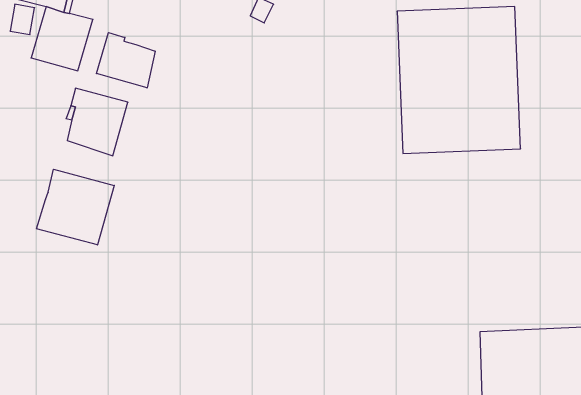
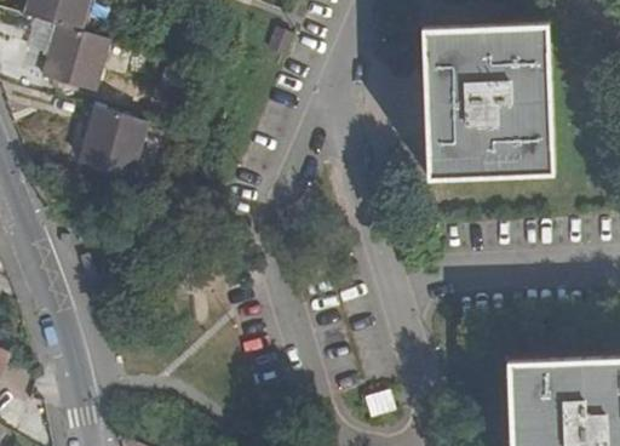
building: [96,33,155,88] -> none
building: [37,169,114,245] -> none

